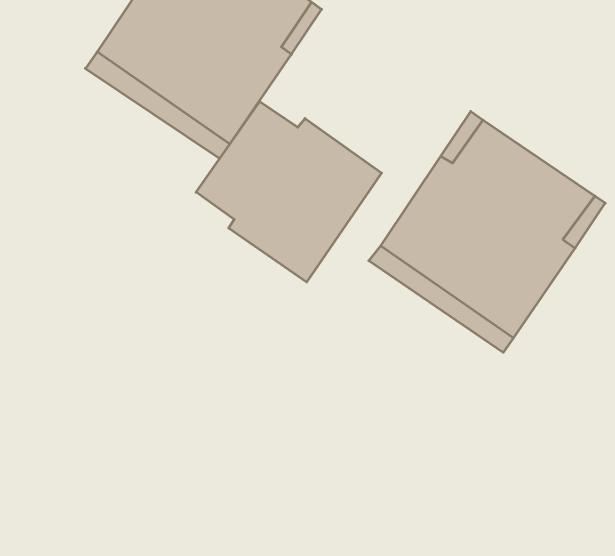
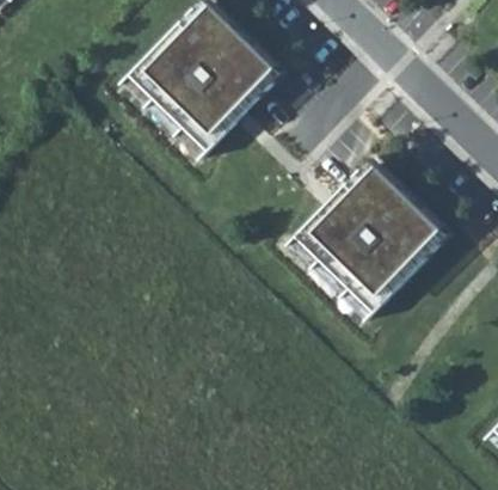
building: [196,102,382,282] -> none

